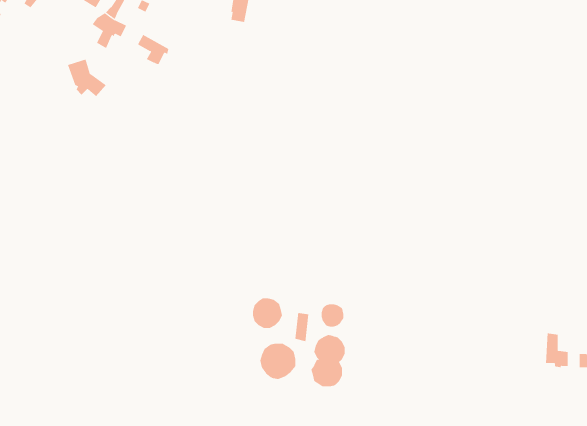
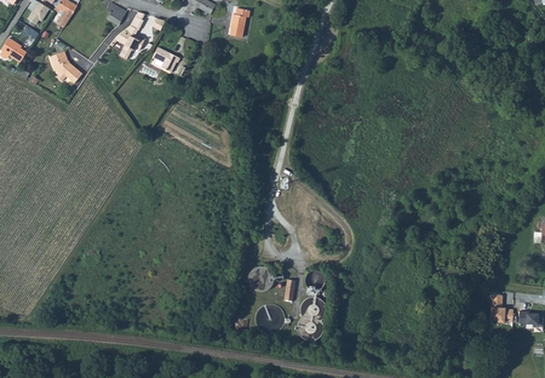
building: [67,59,106,97] -> [48,51,81,82]

